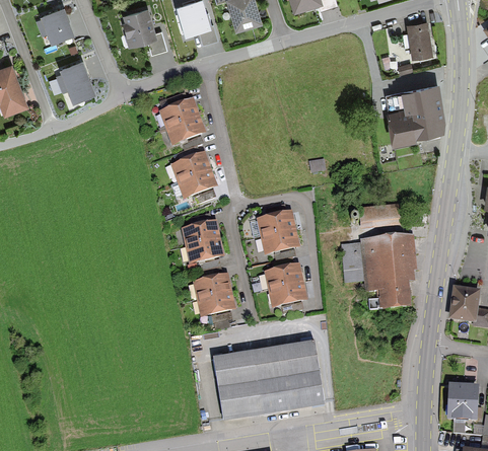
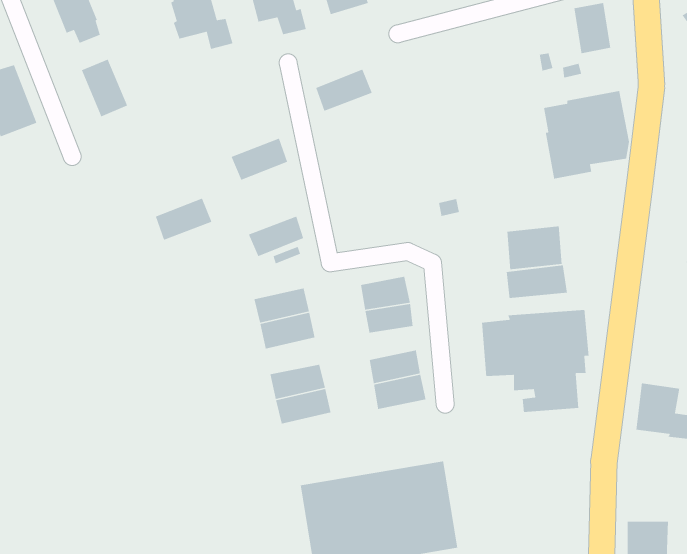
building: [159,97,200,128] -> [315,69,373,112]
building: [171,152,212,182] -> [155,198,213,241]
building: none -> [506,226,562,270]

